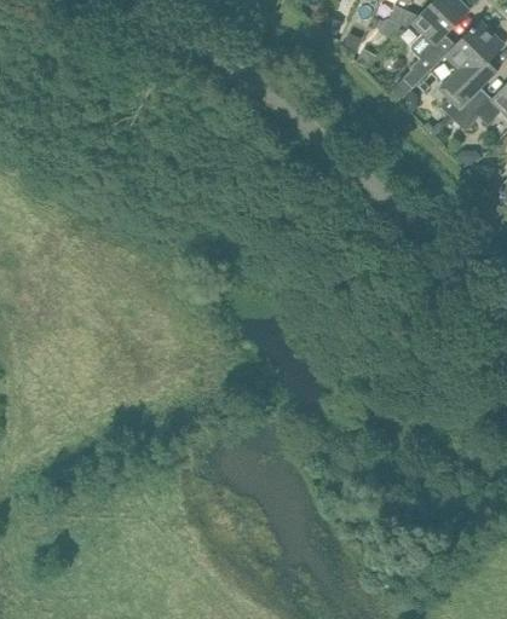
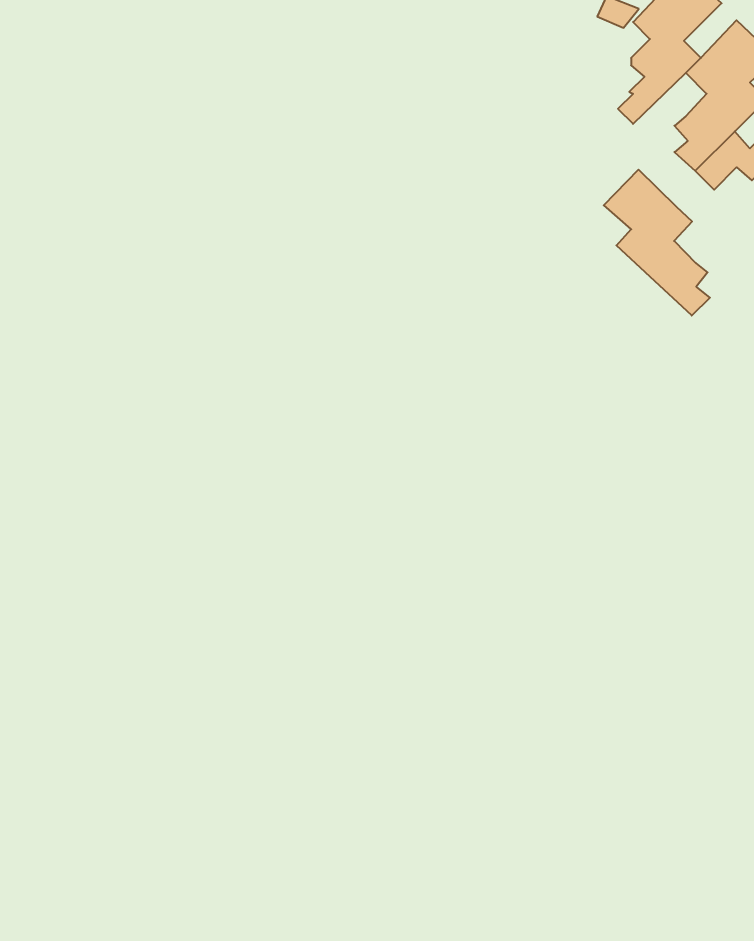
building: none -> [604,170,710,316]

